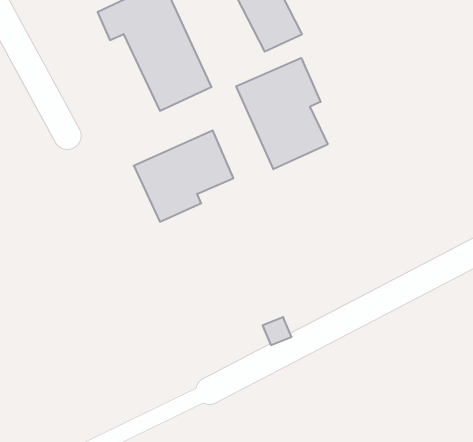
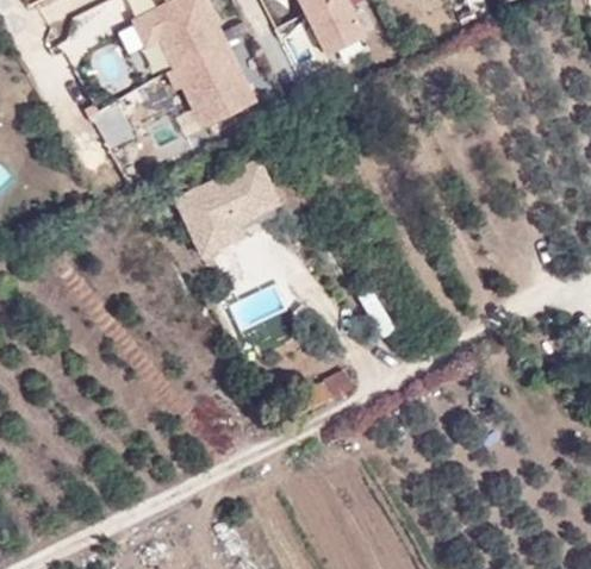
building: [236,58,328,169] -> none

